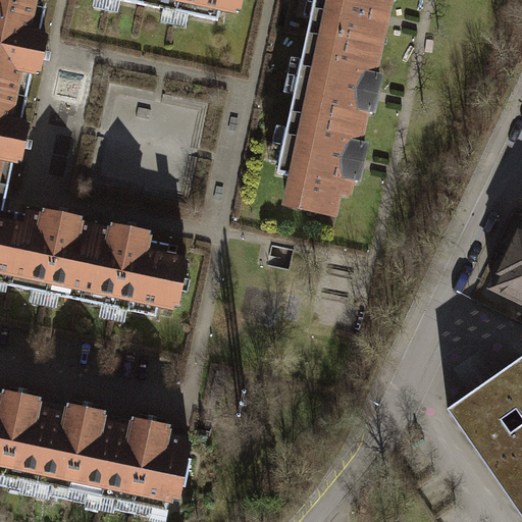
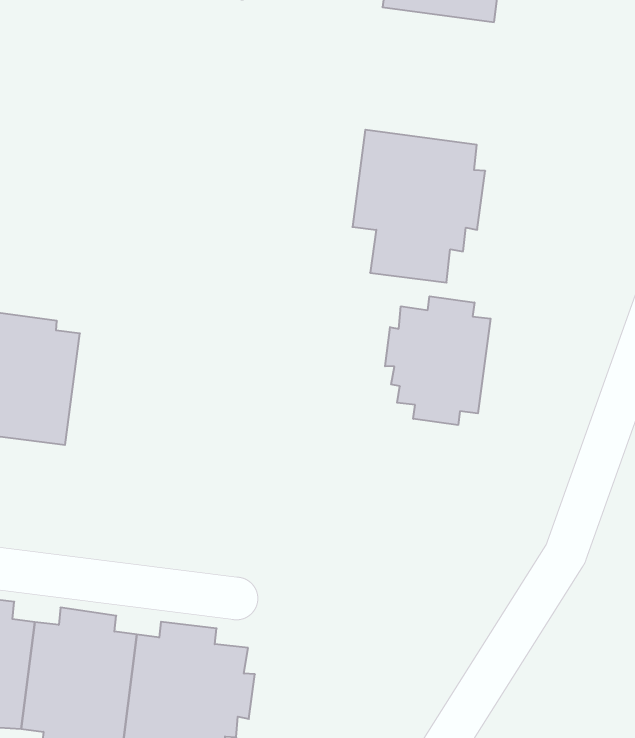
building: [291,31,381,124] -> none
building: none -> [385,296,491,425]
building: [81,223,187,313] -> none

